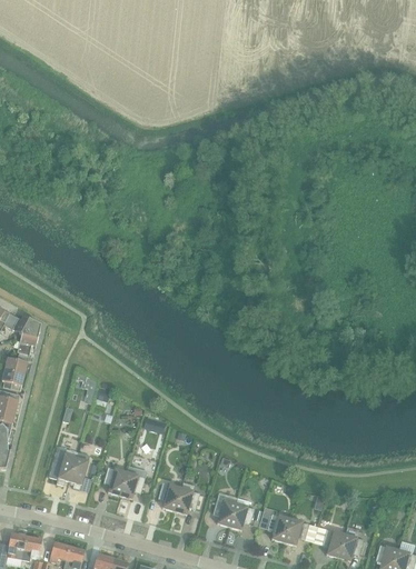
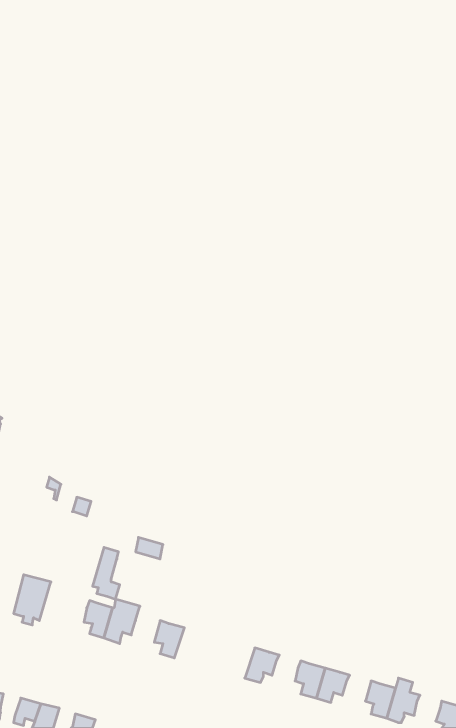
building: [69,451,90,491] -> [93,547,120,599]
building: [174,481,199,513] -> none
building: [212,491,237,526] -> none

